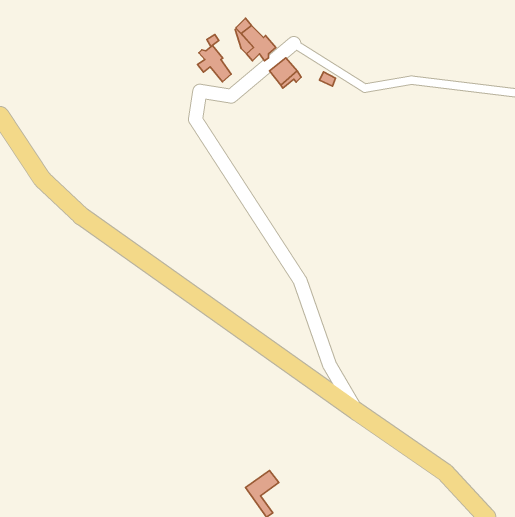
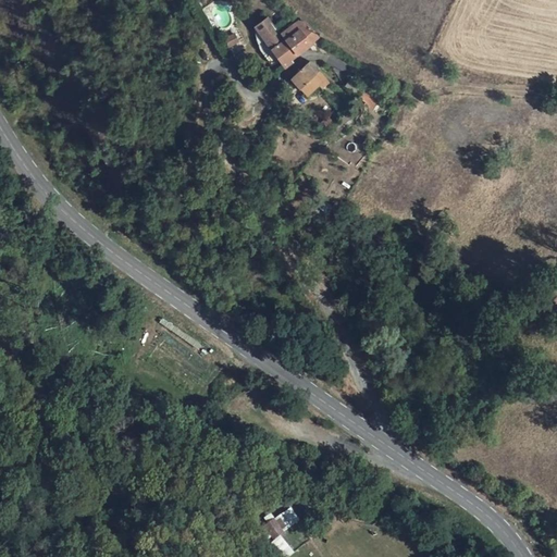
building: none -> [284,23,320,51]
building: [197,46,231,82] -> none

